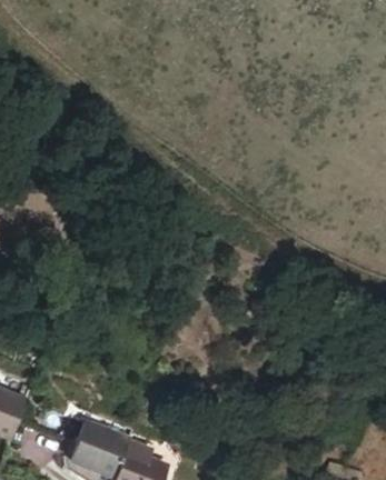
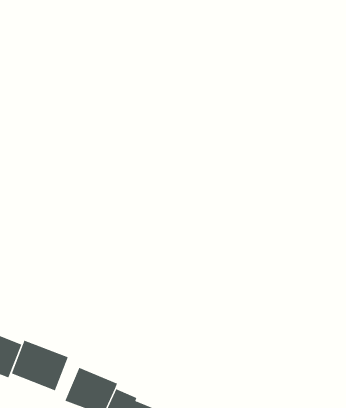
building: none -> [11,340,69,391]

